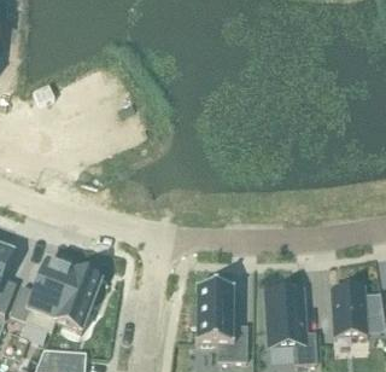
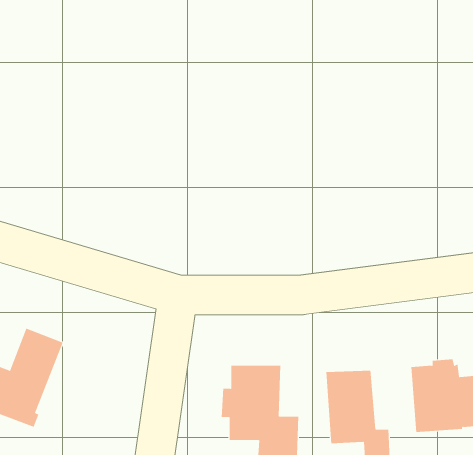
building: [53,267,101,330] -> none

